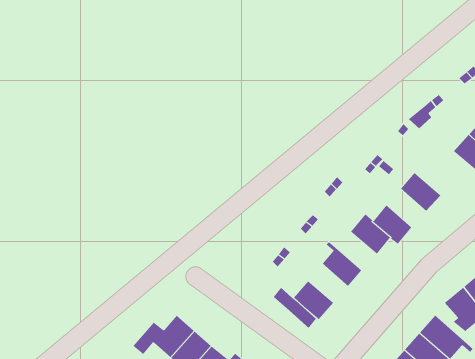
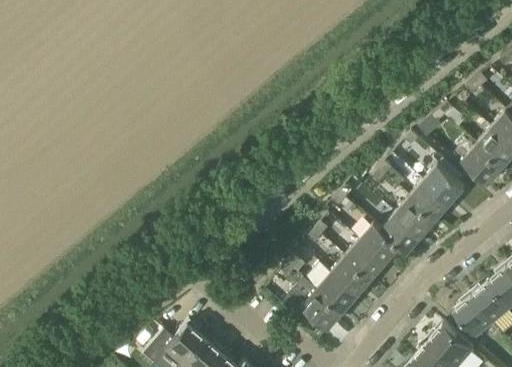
building: none -> [424,163,466,203]
building: none -> [396,196,436,235]
building: none -> [346,239,387,278]
building: none -> [318,271,358,310]

